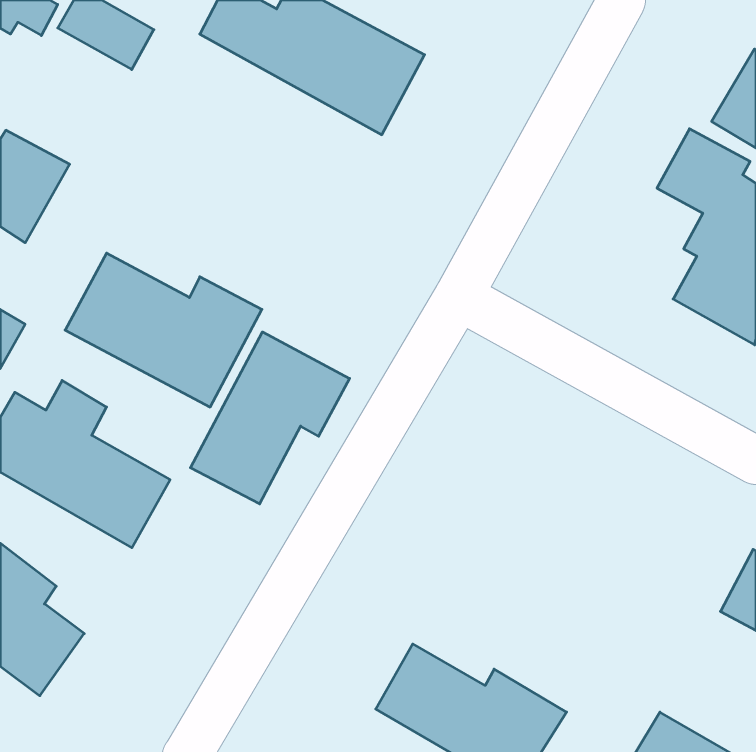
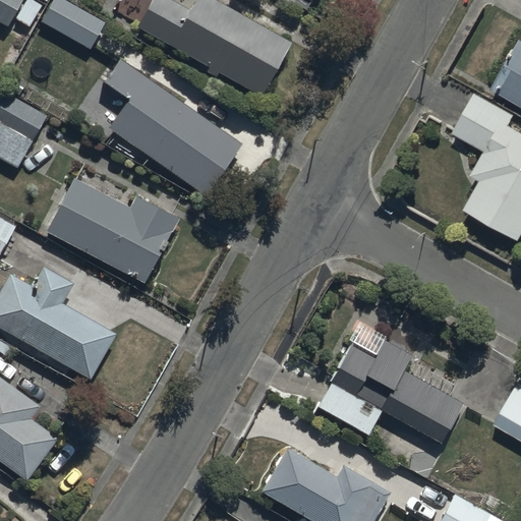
building: none -> [105,59,243,195]
building: [190,332,350,504] -> none
building: none -> [316,320,463,445]

